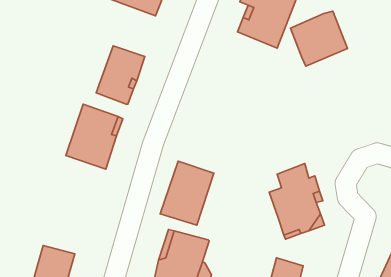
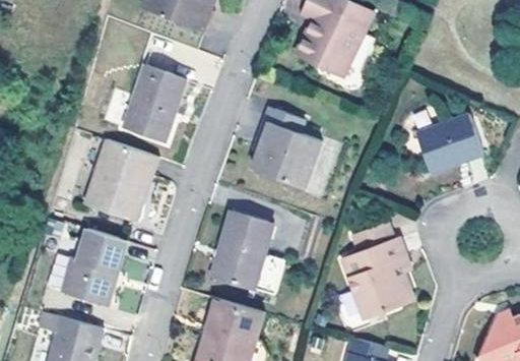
building: [291,11,347,66] -> [416,108,488,177]
building: none -> [248,112,317,191]
building: none -> [60,230,126,303]

